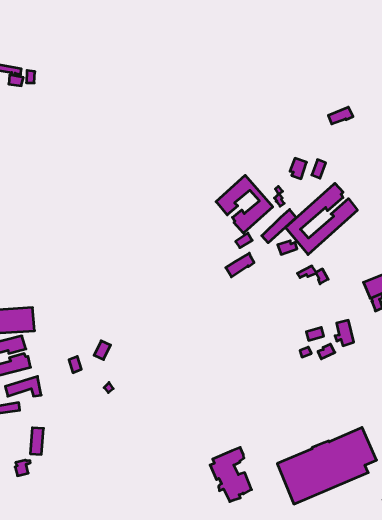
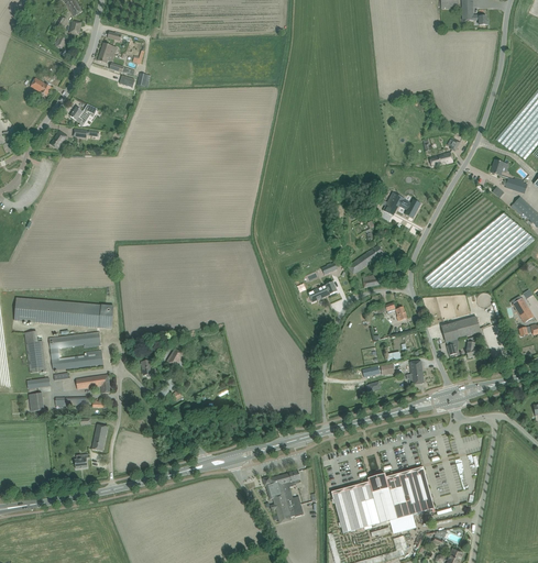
building: [216,175,273,233] -> none
building: [286,183,357,255] -> none

